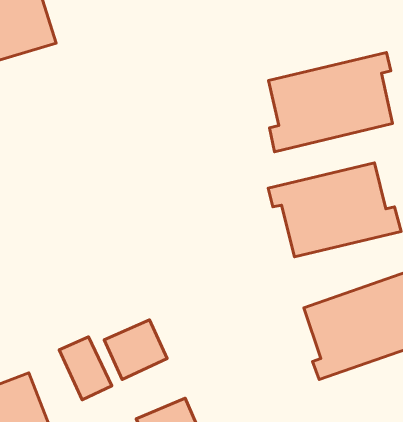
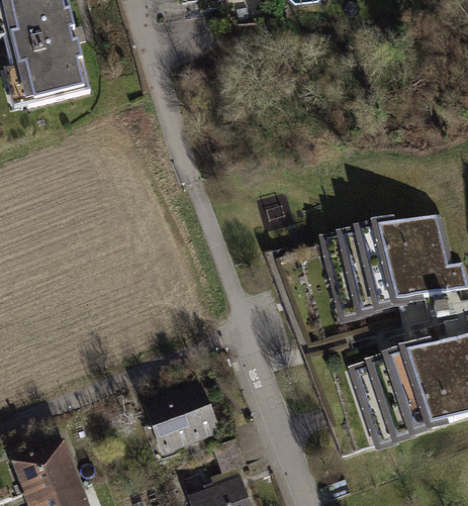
building: [269,52,393,152] -> none
building: [59,337,112,400] -> none

